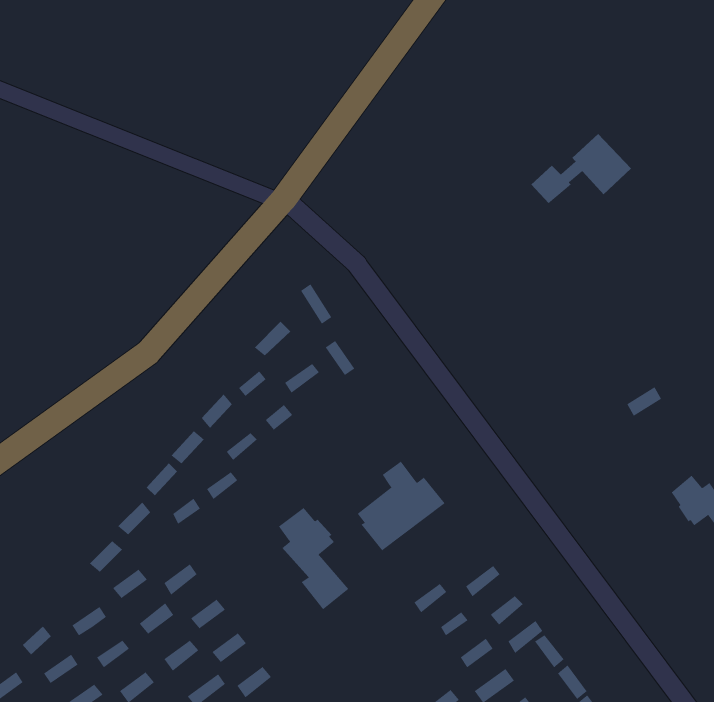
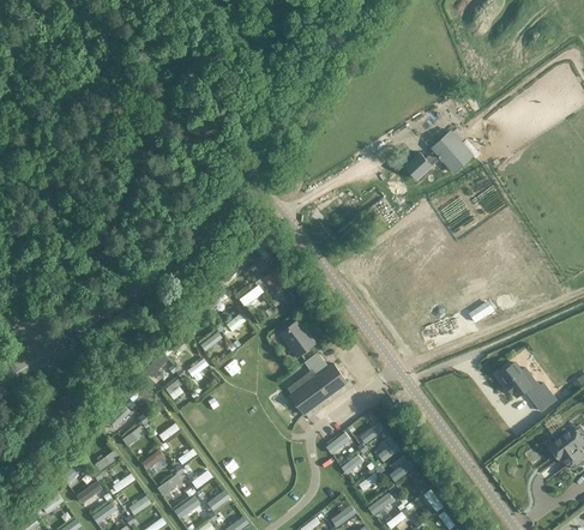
building: none -> [279,319,315,356]
building: [278,507,349,610] -> none

